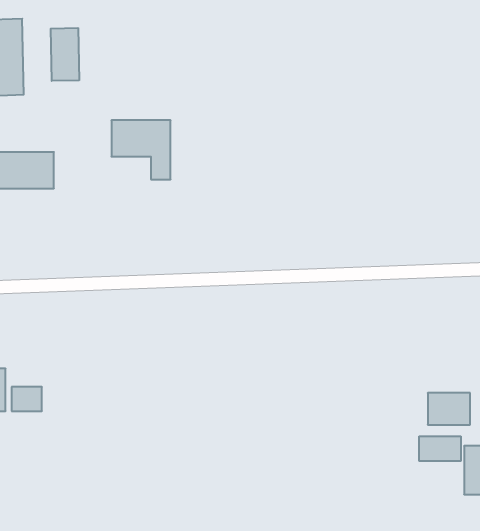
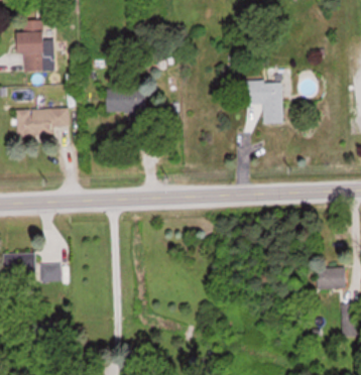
building: [51,28,79,81] -> none
building: none -> [246,81,281,122]
building: [419,436,461,461] -> none

